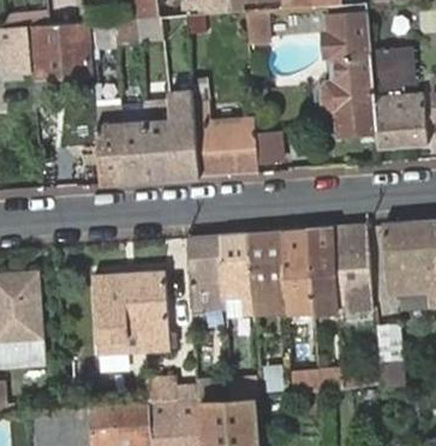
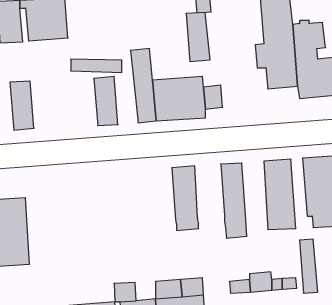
building: [148,120,178,182] -> [186,13,210,62]
building: [97,124,127,185] -> [10,81,34,130]
building: [307,227,341,325] -> none
building: [249,231,286,305] -> none
building: [189,236,225,302] -> none
building: [94,270,172,353] -> none

